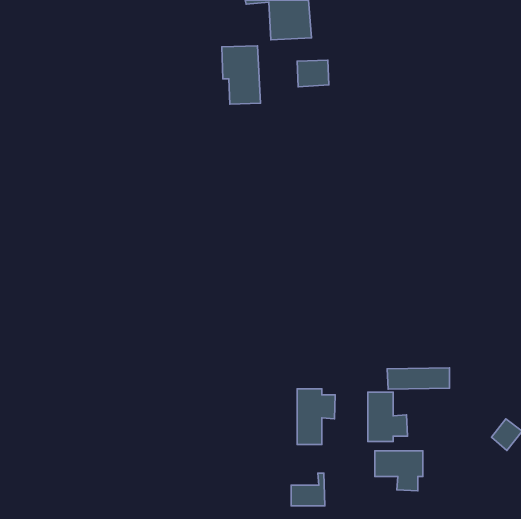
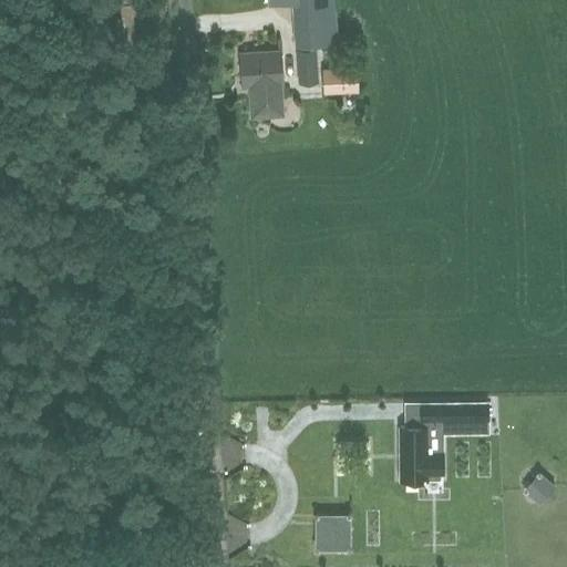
building: none -> [296,50,318,85]
building: [297,389,335,444] -> none
building: [375,451,423,491] -> none

